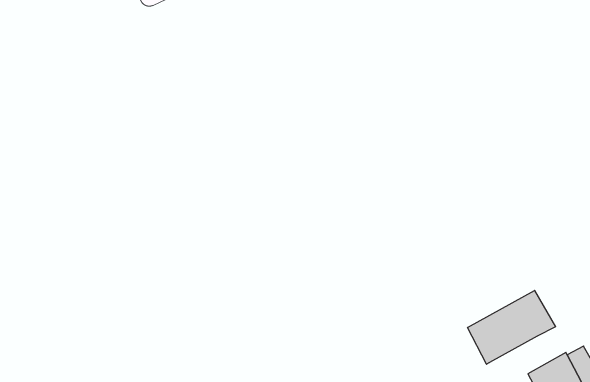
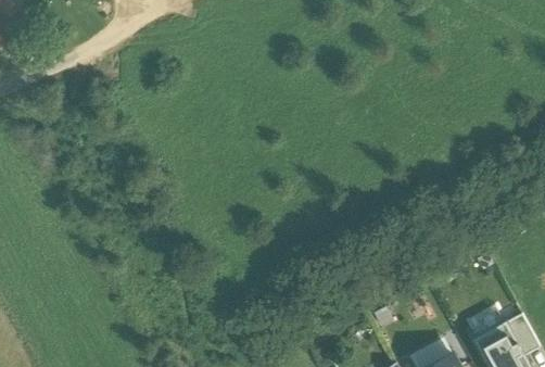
building: [468,290,556,364] -> none

